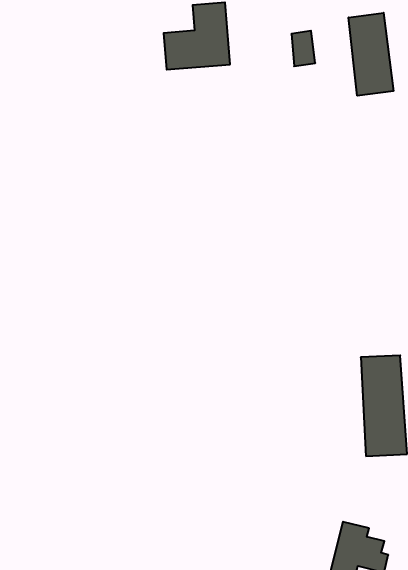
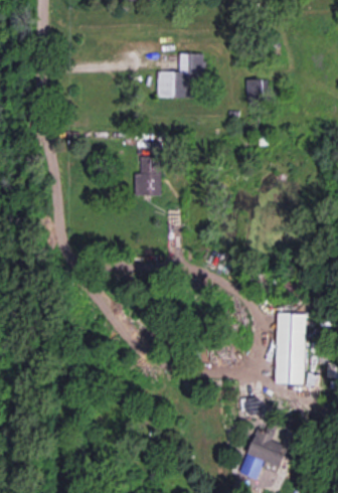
building: [349,13,393,96] -> none
building: none -> [135,156,161,195]

